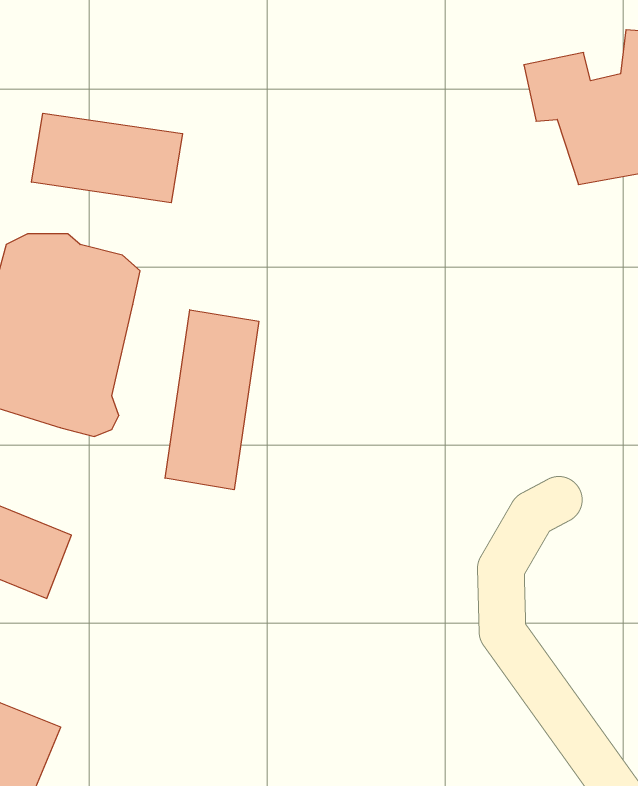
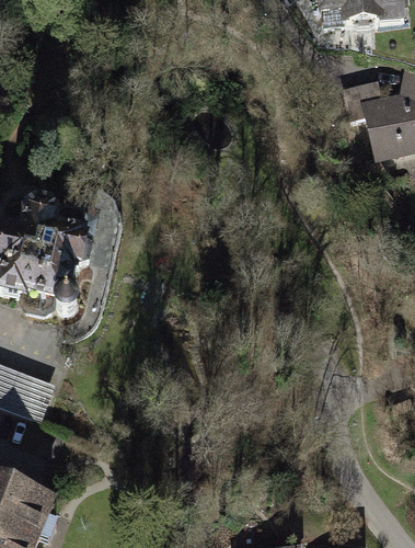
building: [32,113,183,203] -> none
building: [165,310,259,490] -> none

